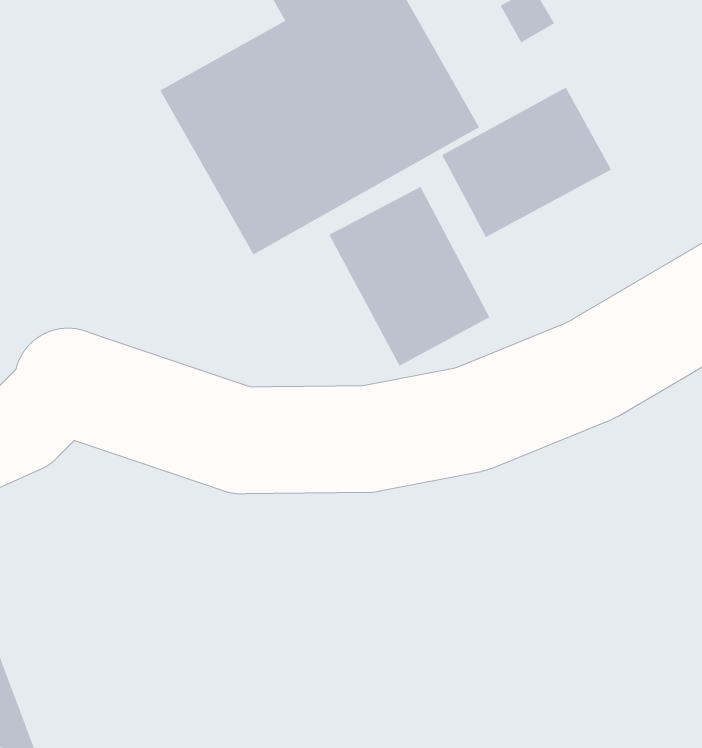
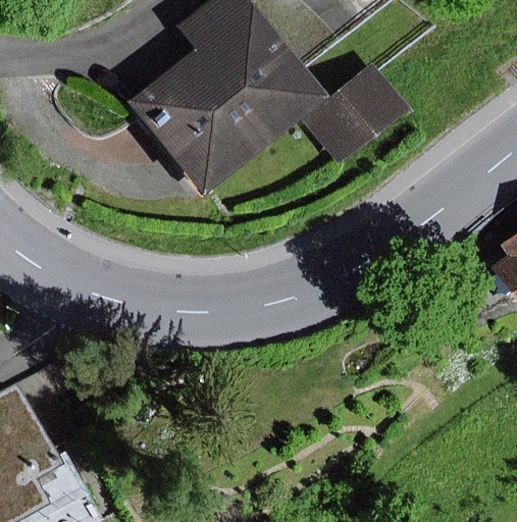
building: [328,186,491,367] -> none

